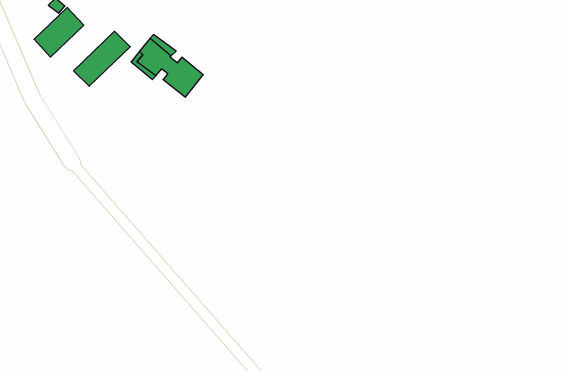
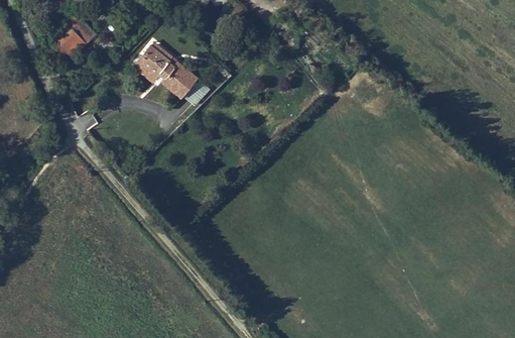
building: [74,31,130,86] -> none

